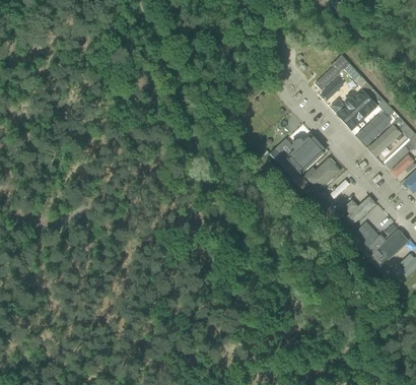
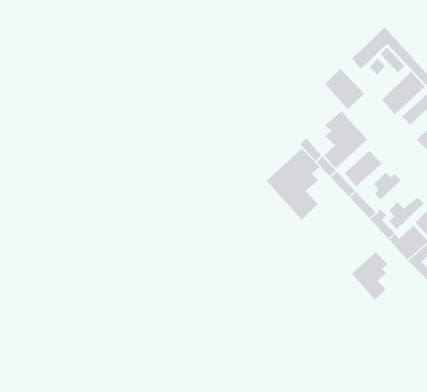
building: none -> [324,68,365,110]
building: none -> [266,148,321,220]
building: none -> [351,251,388,301]

